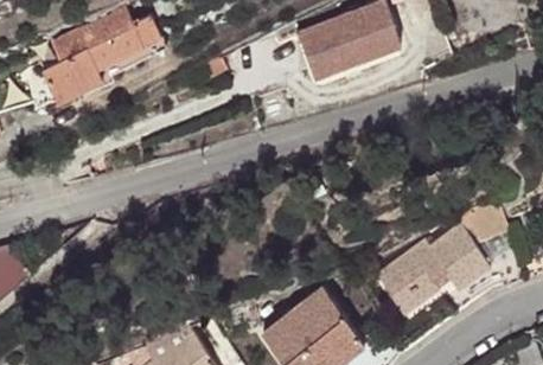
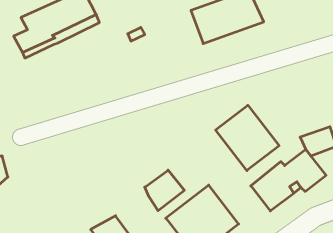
building: none -> [216,105,279,171]
building: none -> [145,170,184,211]

